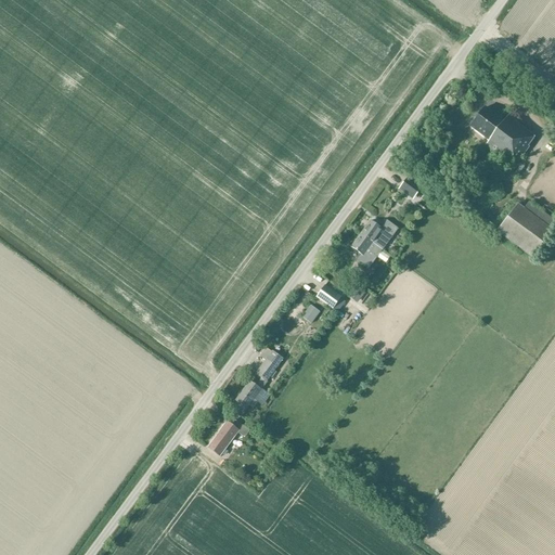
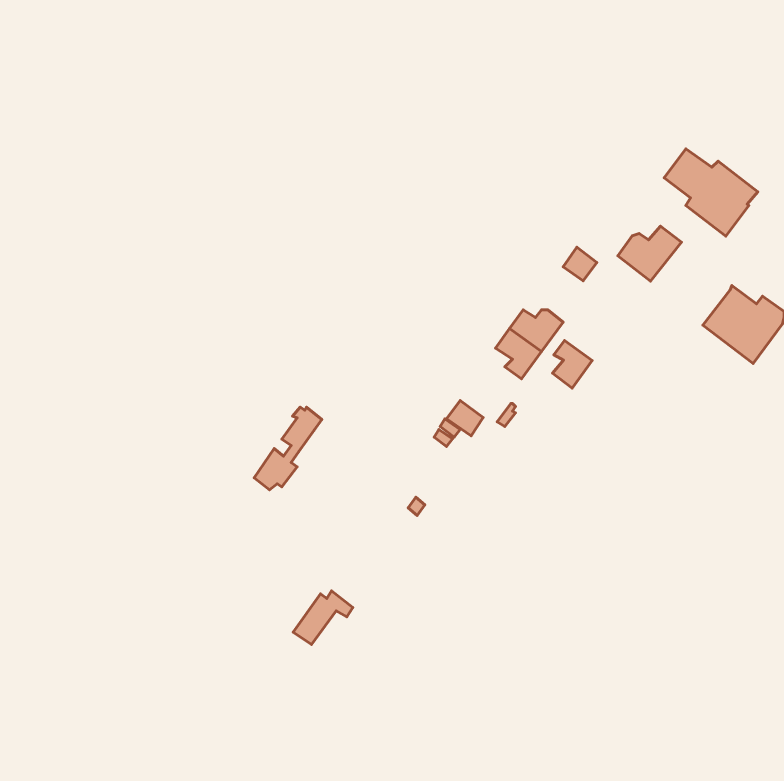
building: none -> [618,226,681,281]
building: none -> [552,340,592,388]
building: [235,349,283,408] -> [254,407,322,490]

